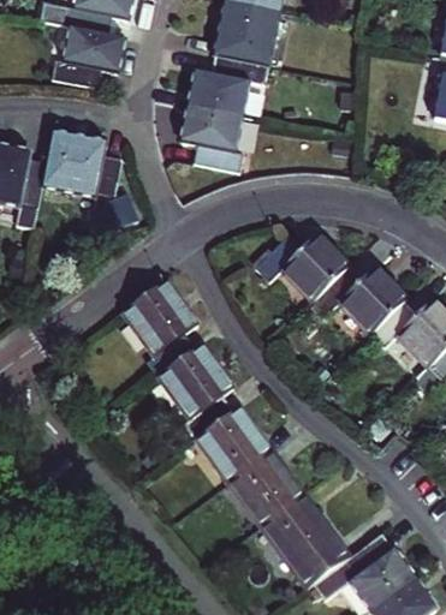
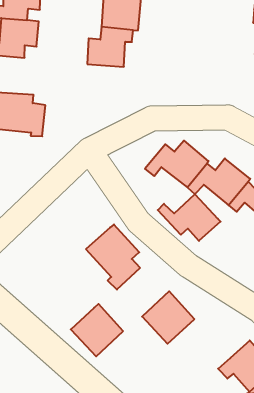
building: [182,107,243,172] -> none
building: [123,279,198,375] -> none
building: none -> [158,194,221,241]
building: [196,406,272,482] -> [71,304,123,356]
building: [261,494,350,587] -> none

